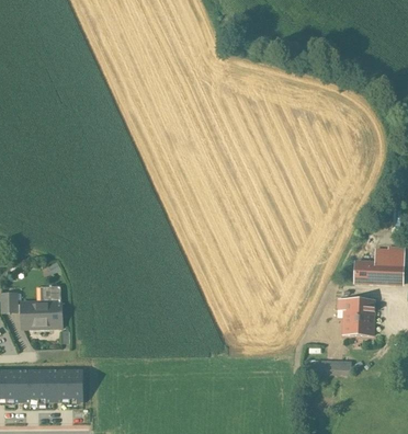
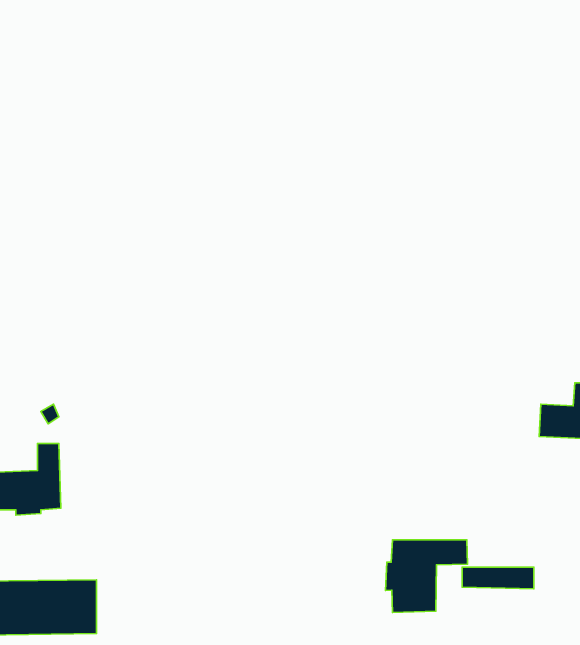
building: [343,297,374,334] -> none
building: none -> [386,540,467,612]

